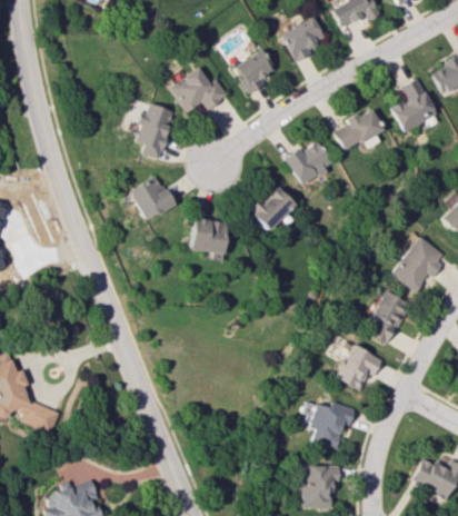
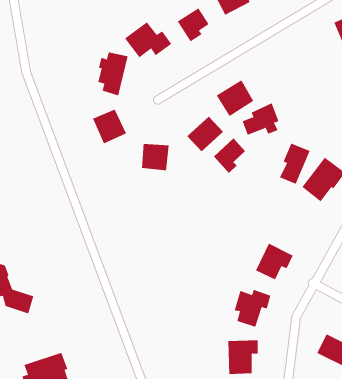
building: [391,78,437,132] -> none
building: [335,108,381,149] -> [242,103,279,136]
building: none -> [213,138,246,174]
building: [369,291,408,344] -> [279,143,310,185]

